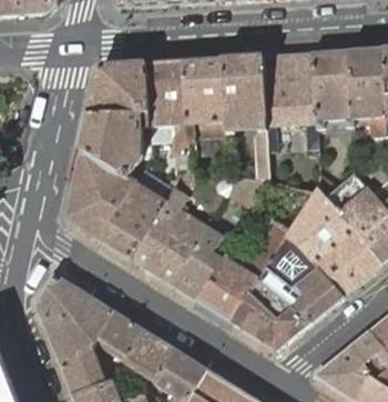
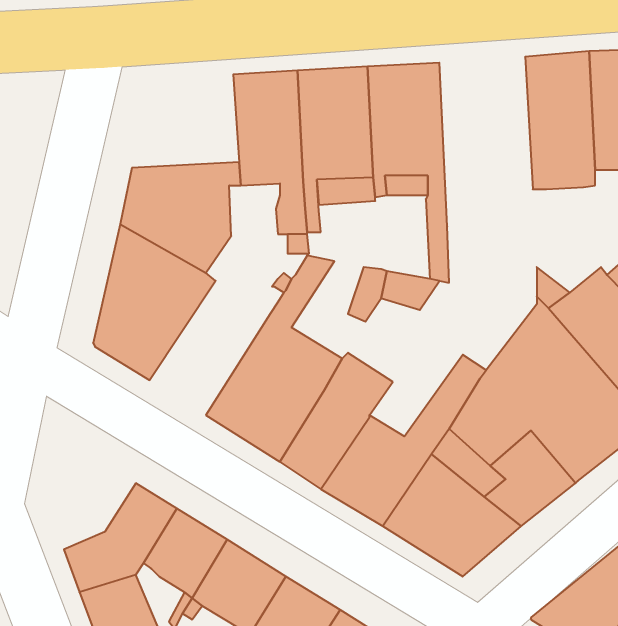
building: [263,53,317,150] -> none
building: [88,63,149,117] -> none
building: [98,178,166,258] -> none
building: [35,274,90,334] -> none

